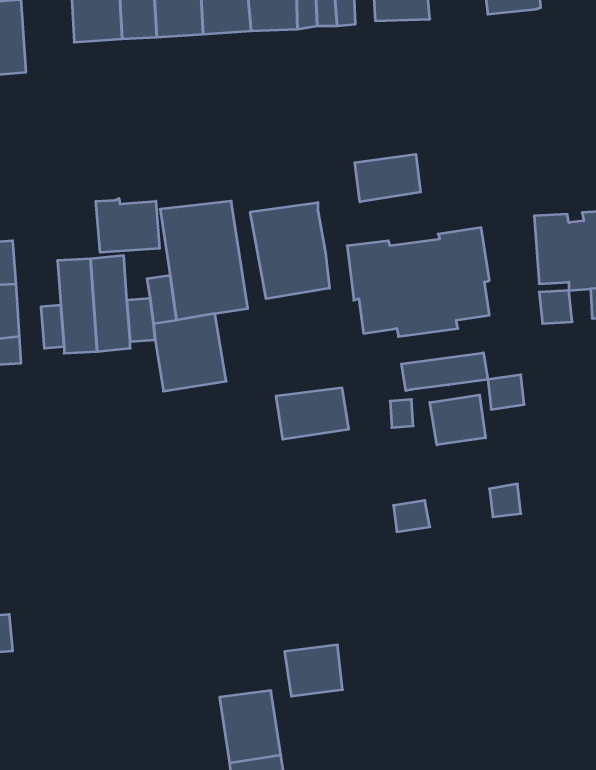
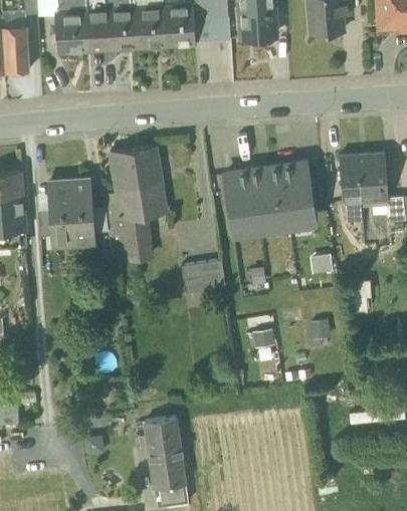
building: [355,154,421,202] -> none
building: [96,198,160,252] -> none
building: [250,202,330,299] -> none
building: [401,353,488,391] -> none
building: [430,395,486,445] -> none
building: [285,645,343,696] -> [143,417,178,448]

